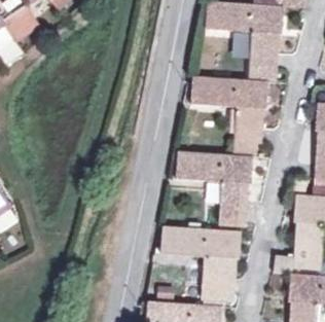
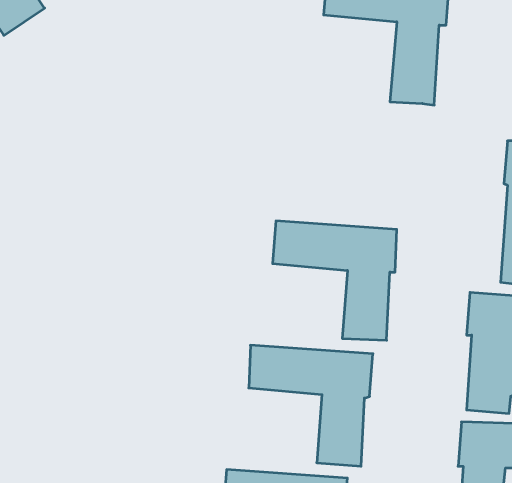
building: [191,74,266,139] -> none

